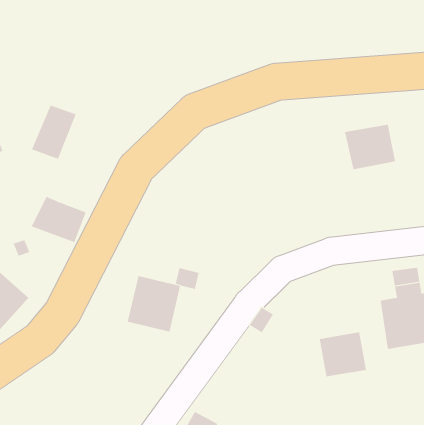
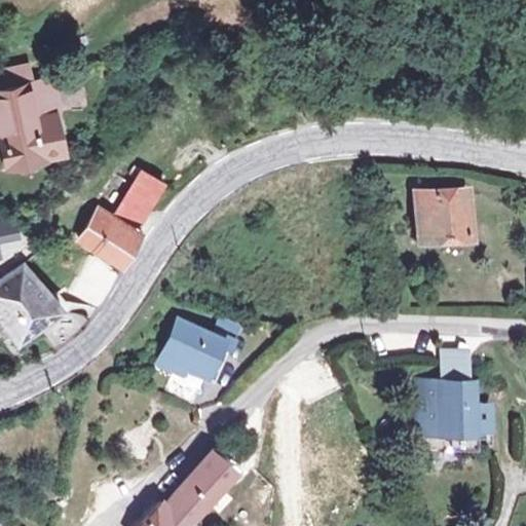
building: [31,105,76,160] -> [108,179,161,237]
building: [319,332,366,377] -> none

